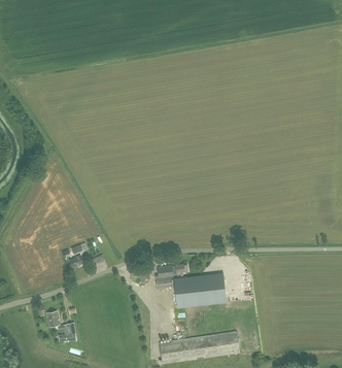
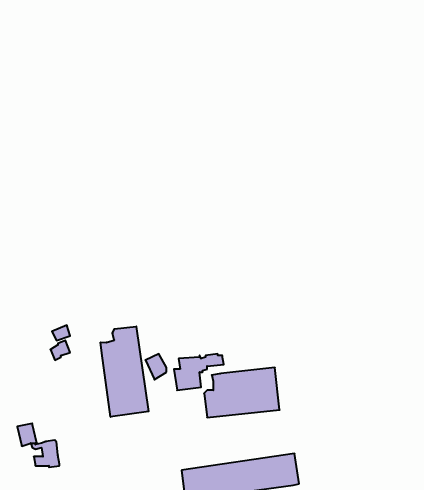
building: none -> [101,326,149,417]

